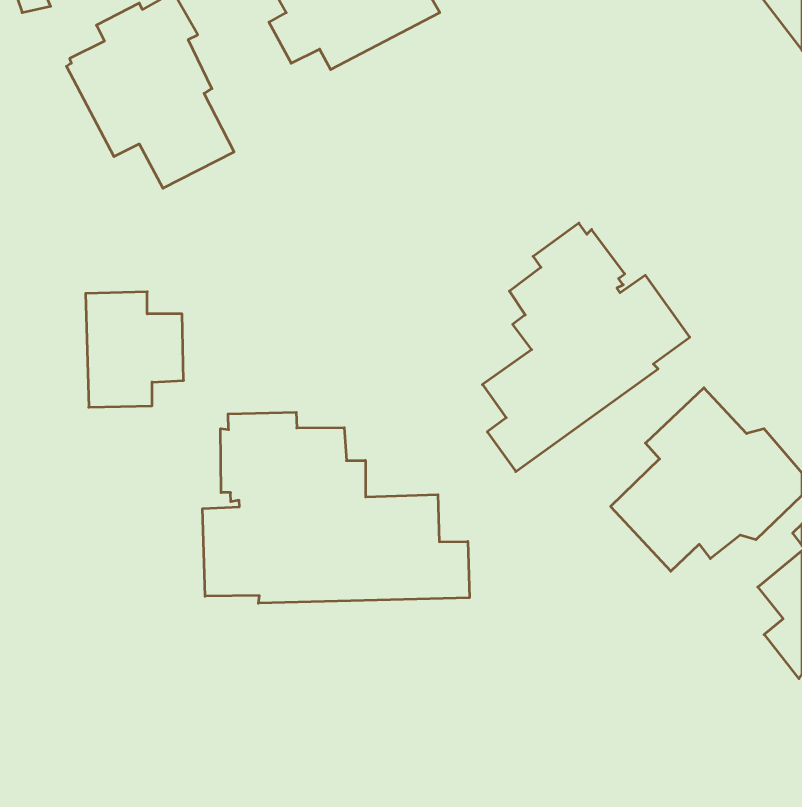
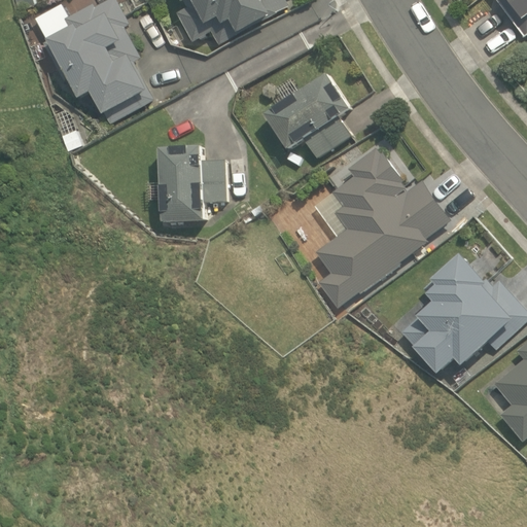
building: none -> [265,74,349,159]
building: [86,292,184,407] -> [160,145,223,220]
building: [203,412,469,603] -> none

